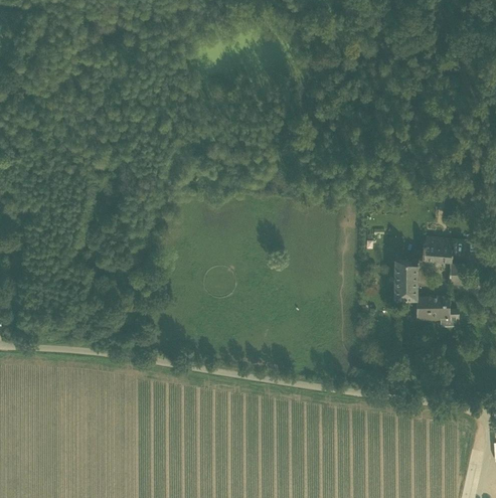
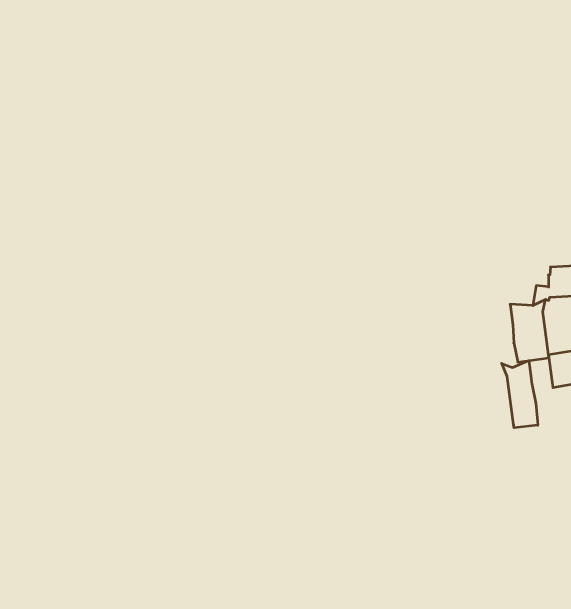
building: none -> [502,361,538,428]

